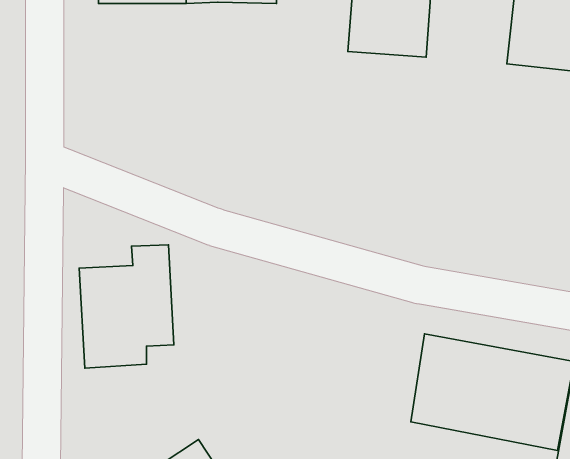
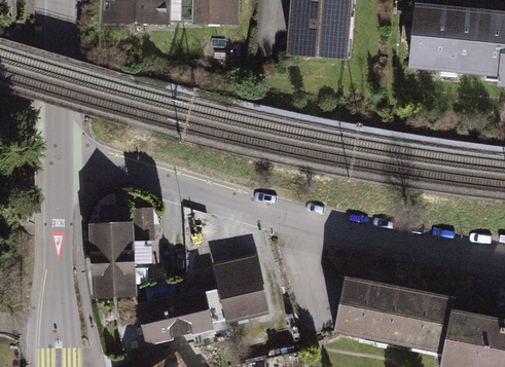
building: none -> [134,255,269,343]

